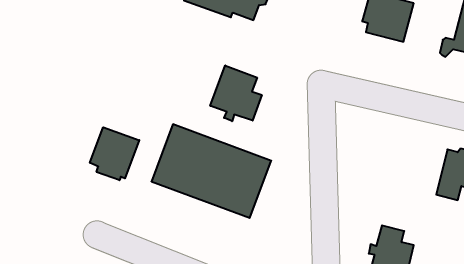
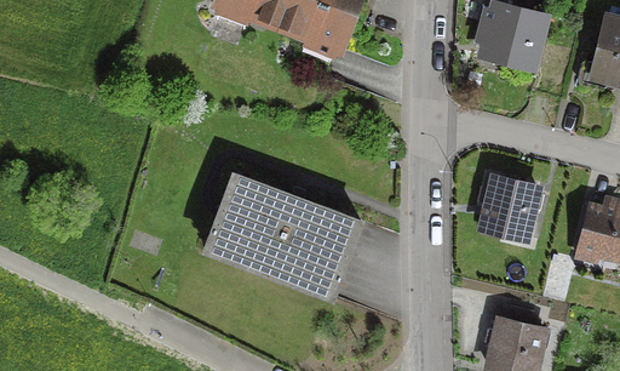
building: [210,65,262,121] -> none
building: [90,127,139,180] -> none
building: none -> [480,178,538,236]

